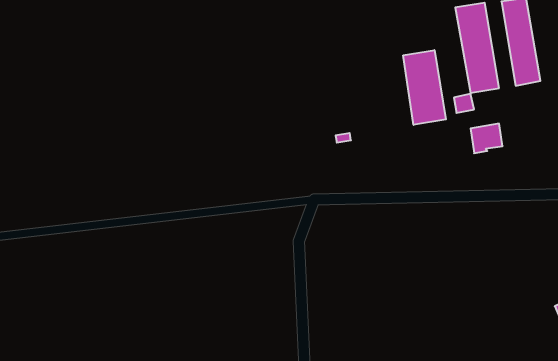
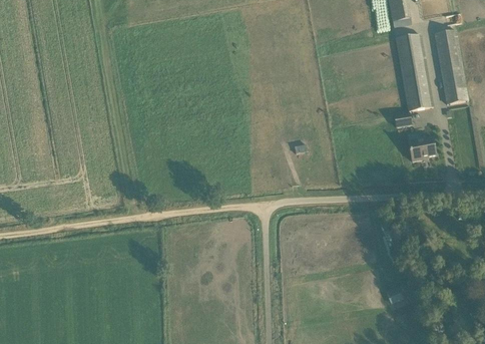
building: [403,50,446,125] -> none

